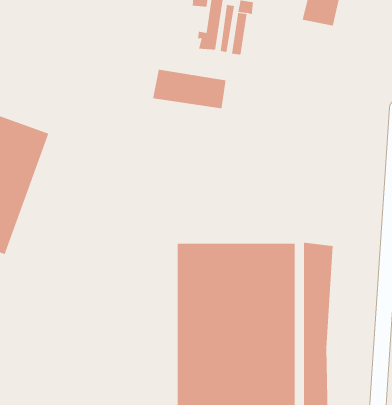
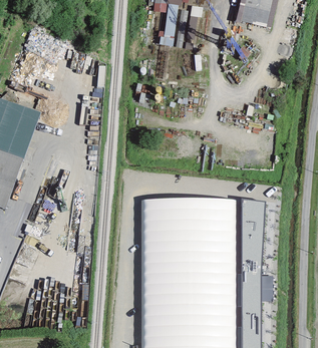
building: [152,69,226,109] -> none

